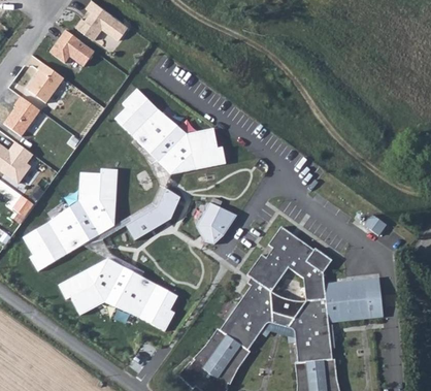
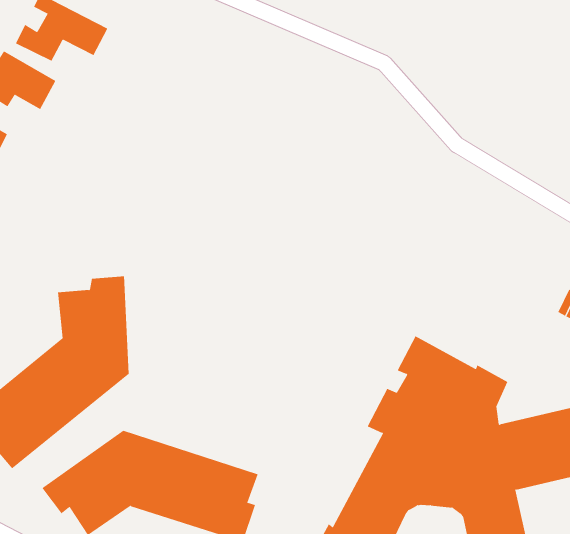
building: [113,85,227,175] -> none
building: [125,188,183,240] -> none
building: [194,202,235,243] -> none

